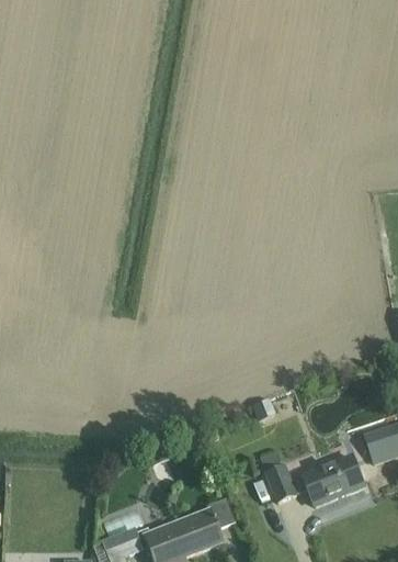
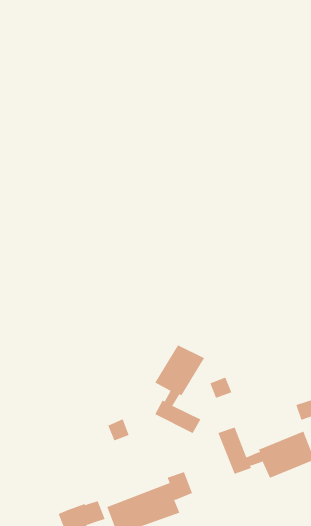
building: none -> [154,344,205,434]

